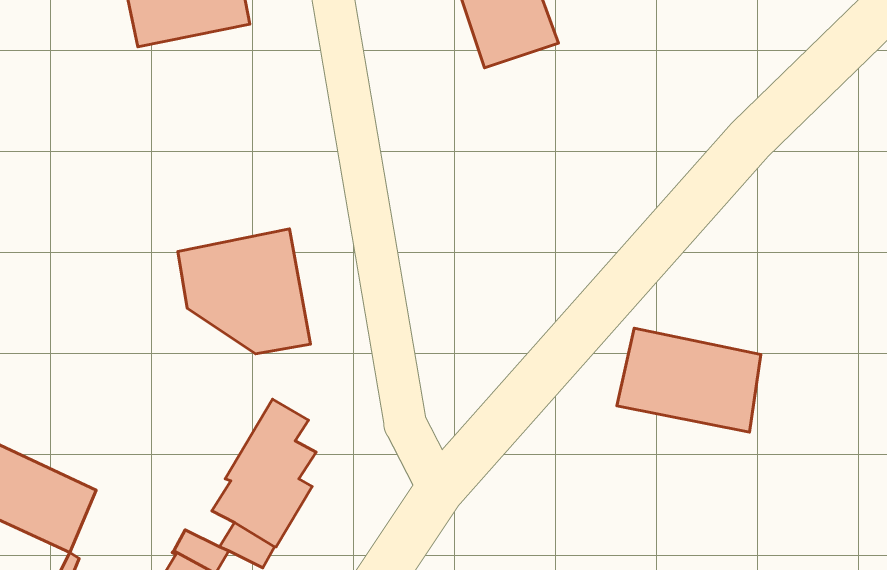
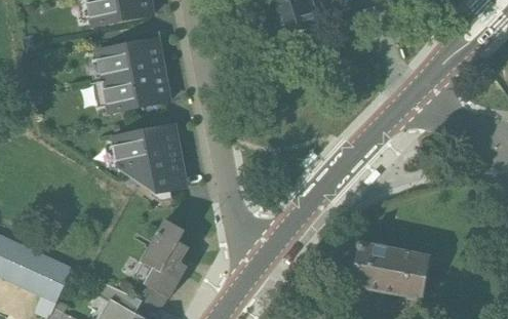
building: none -> [96,39,169,113]
building: [617,328,761,432] -> [351,241,429,297]

